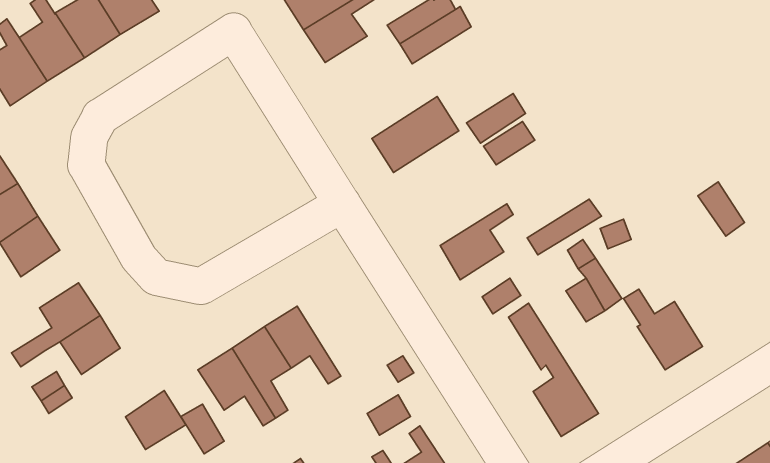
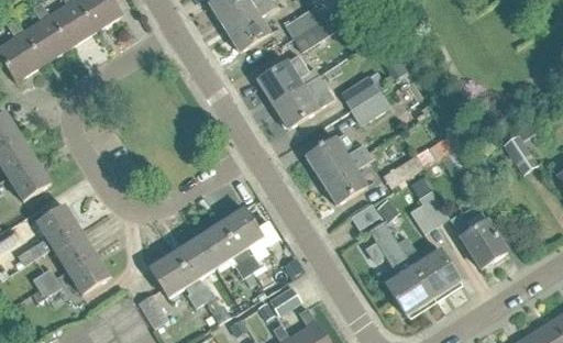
building: none -> [257,59,319,103]
building: none -> [306,134,368,179]
building: none -> [220,207,271,279]
building: none -> [397,234,461,298]
building: [125,391,186,450] -> [67,252,110,294]

